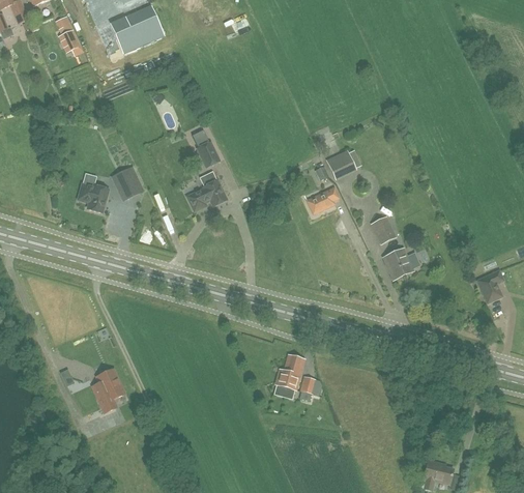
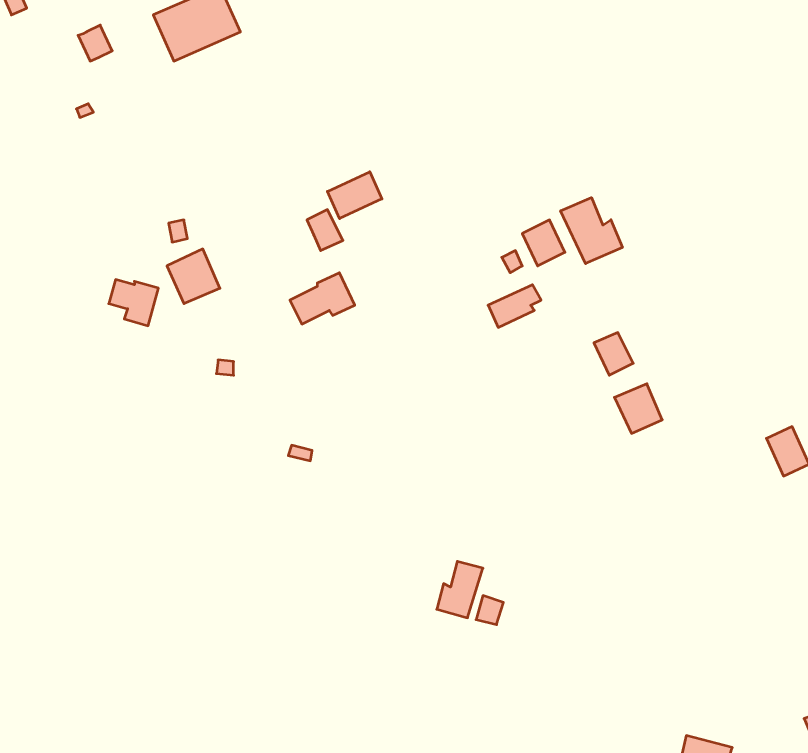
building: none -> [327,172,382,219]
building: none -> [561,198,622,264]
building: [92,369,124,412] -> none

